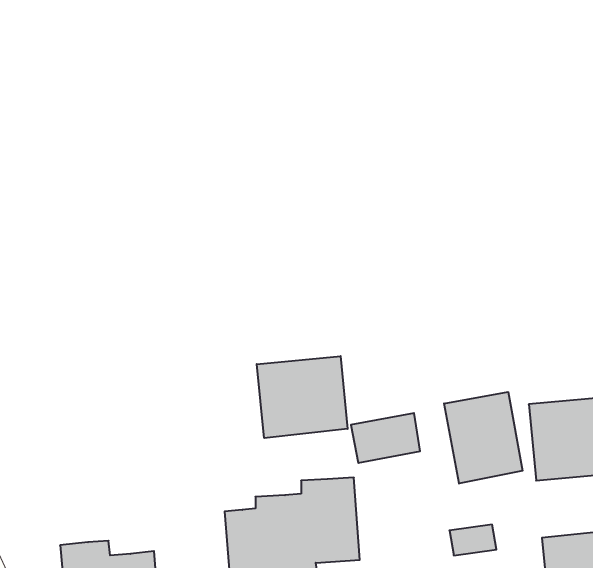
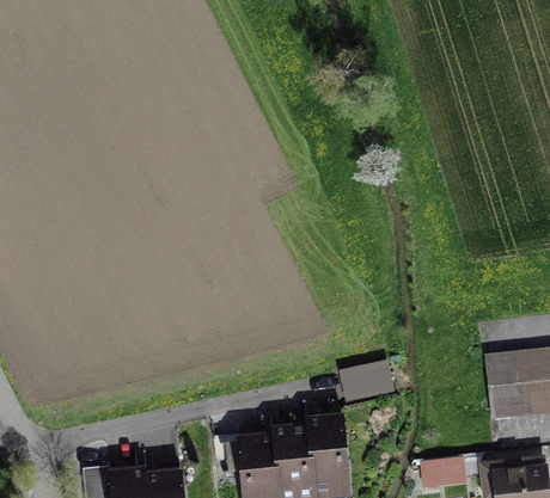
building: [257,356,348,438] -> none
building: [444,392,523,484] -> none

